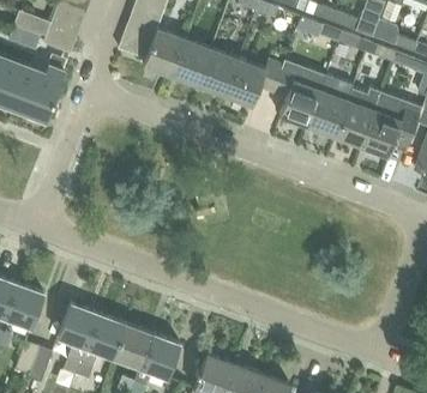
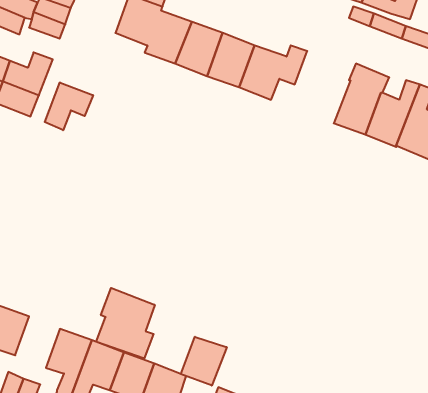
building: [273,64,321,126] -> none
building: none -> [45,82,93,130]
building: none -> [96,288,155,359]
building: none -> [181,337,227,386]

